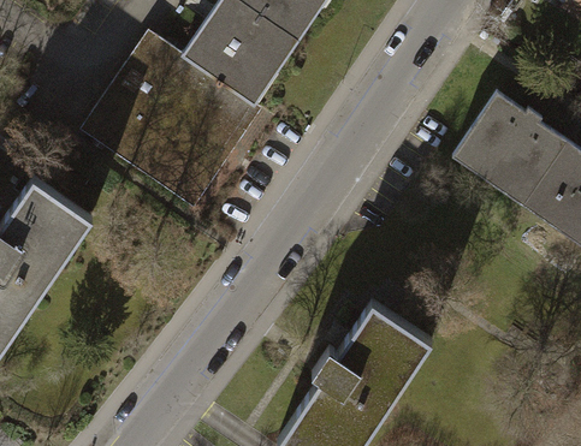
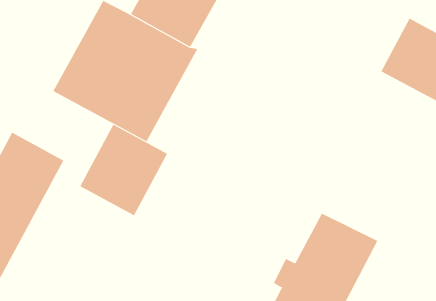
building: none -> [80,124,168,216]

